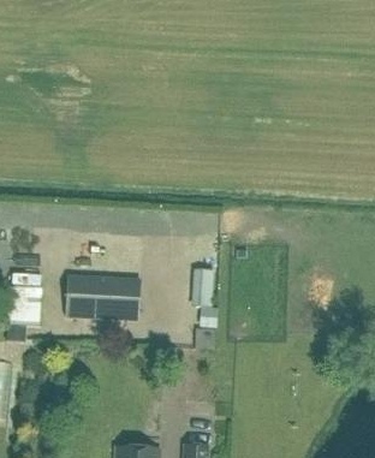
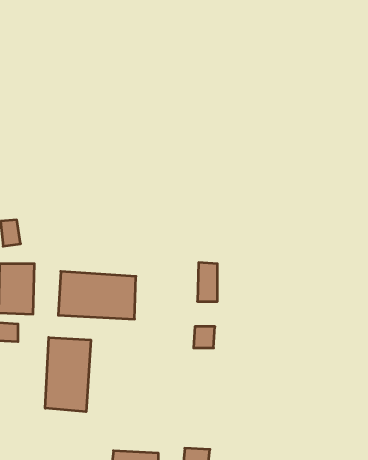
building: none -> [45,337,91,412]

